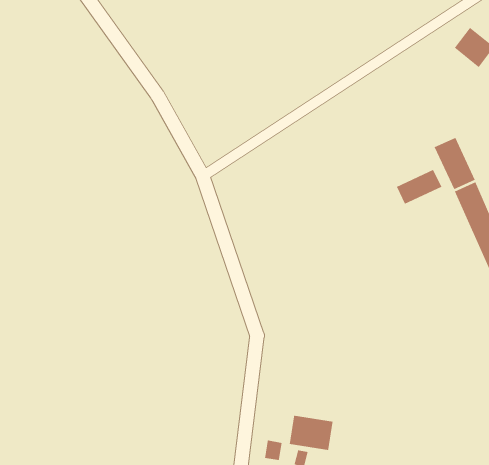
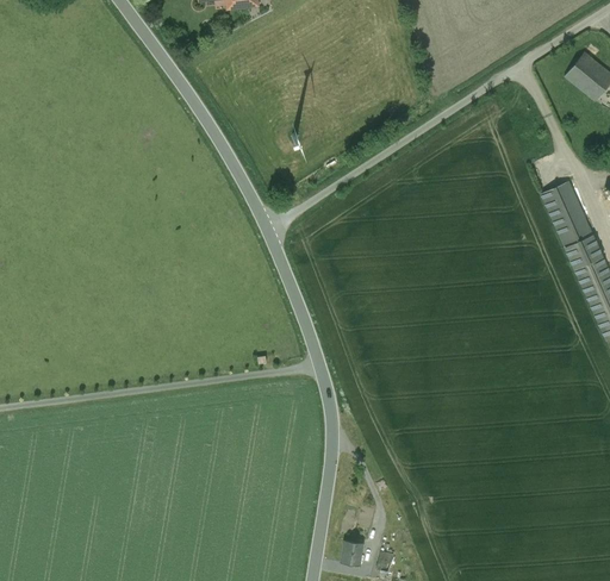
building: [396,169,442,205] -> none
building: [289,415,333,451] -> none

